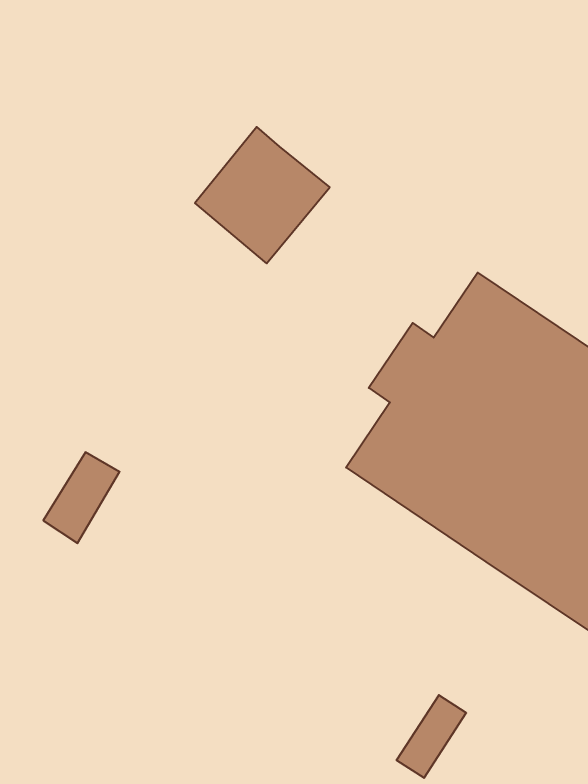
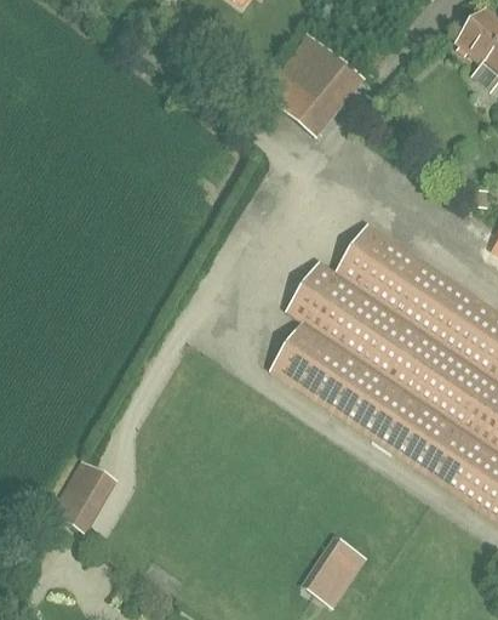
building: [195,127,330,263] -> [261,32,361,133]
building: [43,452,120,543] -> [51,461,108,529]

